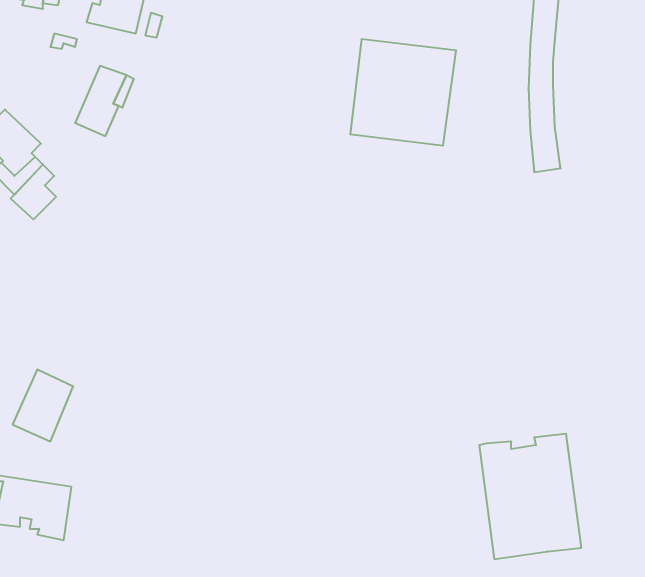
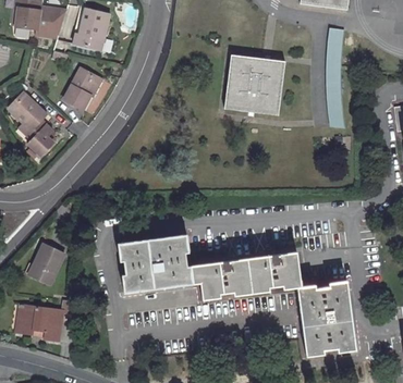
building: none -> [122,234,300,296]

